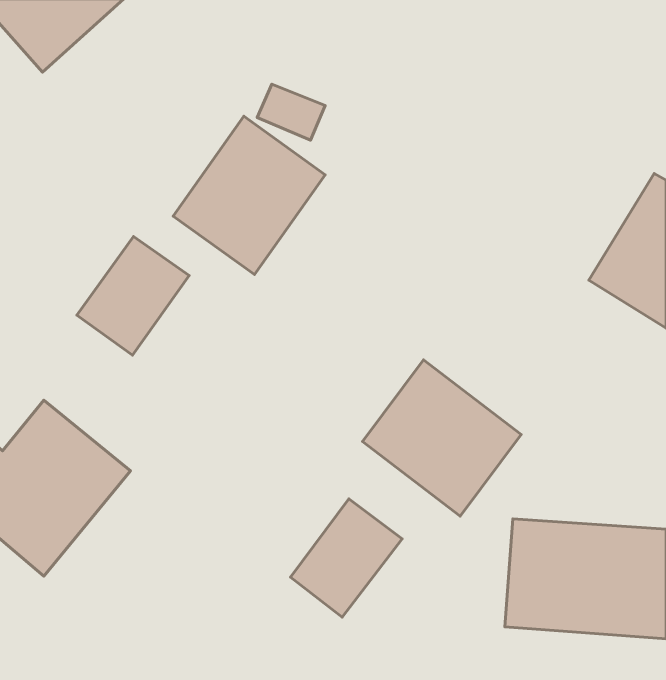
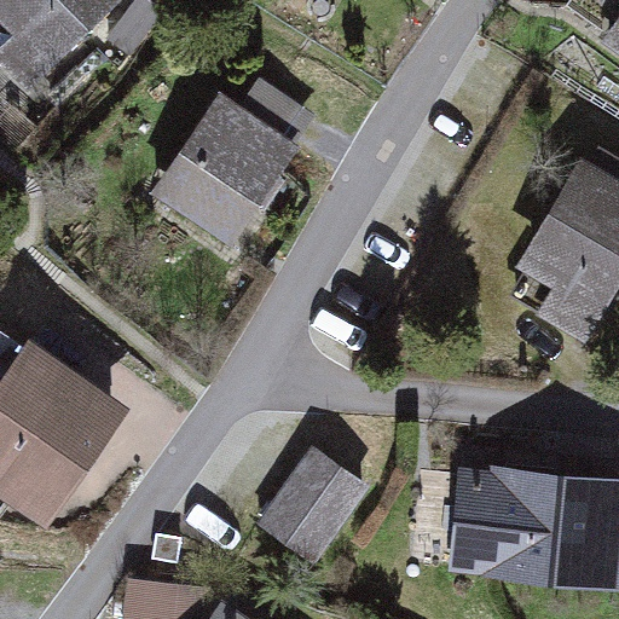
building: [77,237,189,355] -> none
building: [362,360,521,516] -> none

